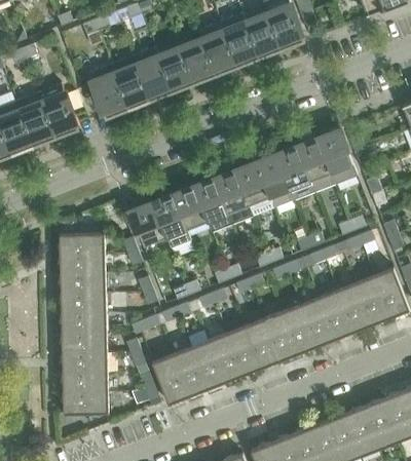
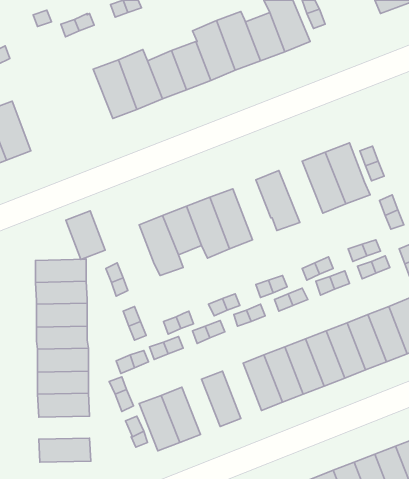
building: [88,64,128,117] -> none
building: [39,83,78,137] -> none
building: [276,146,315,200] -> none
building: [235,162,269,216] -> none
building: [130,202,165,245] -> [66,211,105,259]
building: [226,325,261,375] -> none
building: [190,340,224,389] -> none
building: [63,373,108,393] -> none

